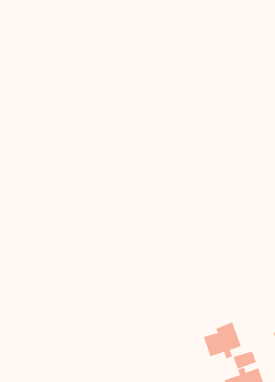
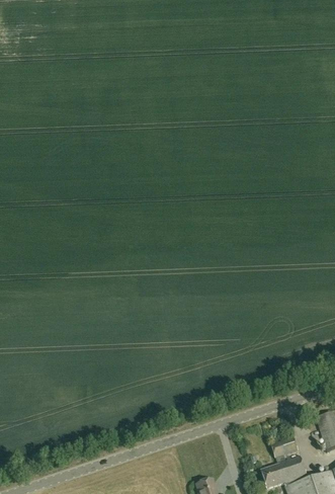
building: [203,322,242,359] -> none

